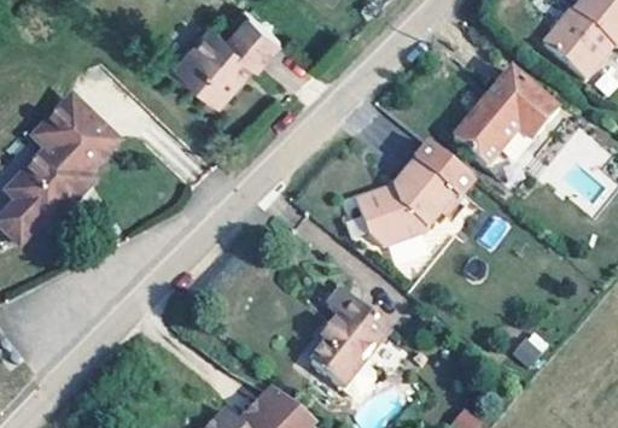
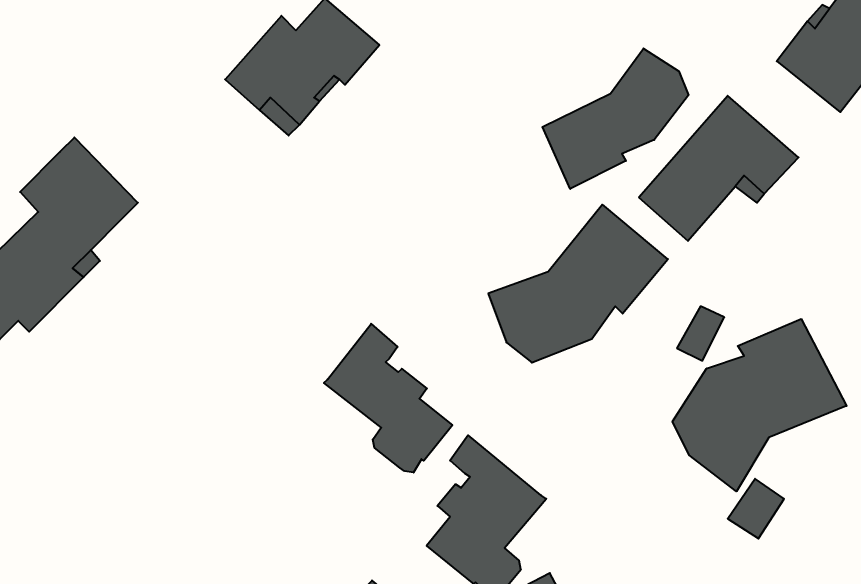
building: none -> [542,48,689,189]
building: none -> [673,319,847,491]
building: none -> [324,324,452,473]

